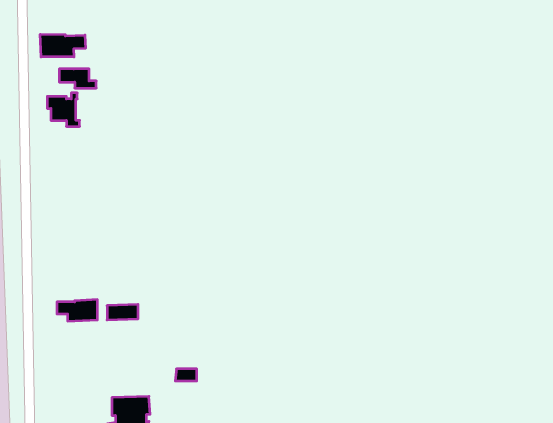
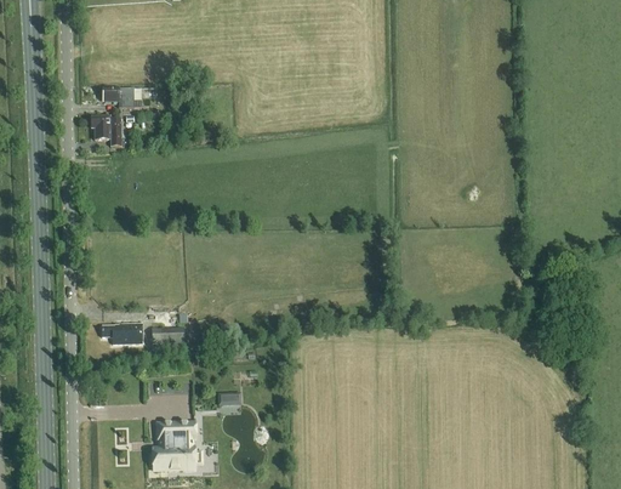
building: [40,34,85,57] -> none

